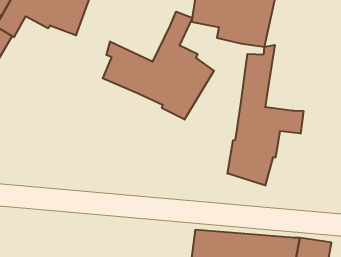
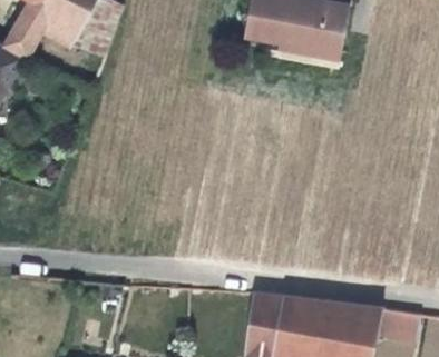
building: [103,12,214,120] -> none
building: [227,45,303,186] -> none

